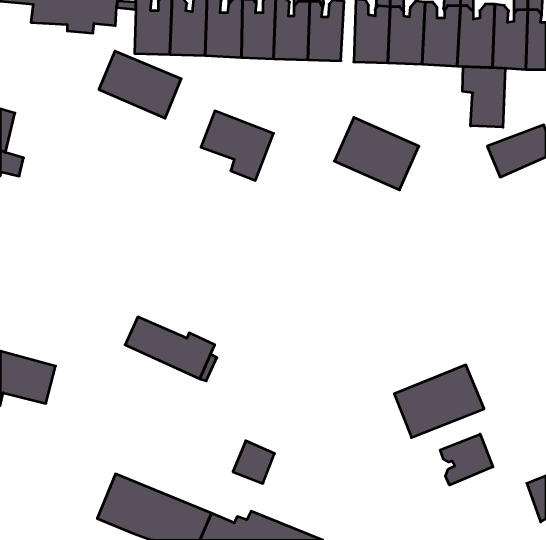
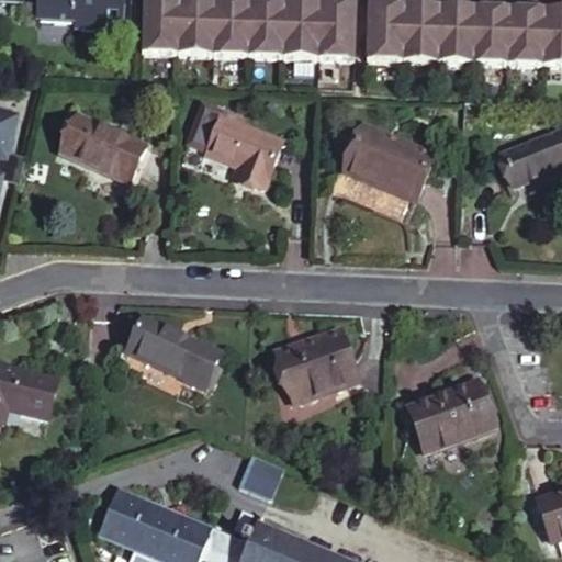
building: [99,51,181,118] -> [58,109,143,178]
building: [463,67,505,127] -> none
building: none -> [274,324,359,400]
building: [440,434,493,485] -> none

